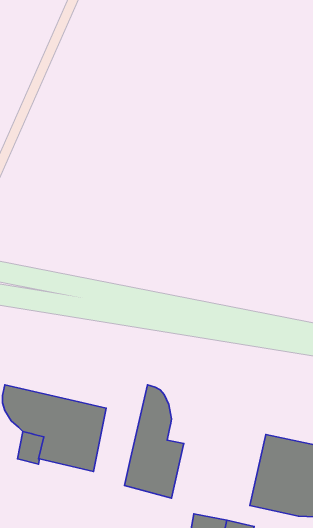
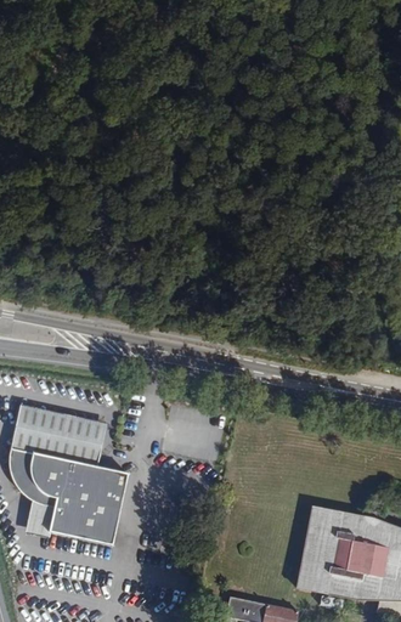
building: none -> [11,402,107,466]
building: [124,385,184,498] -> none

